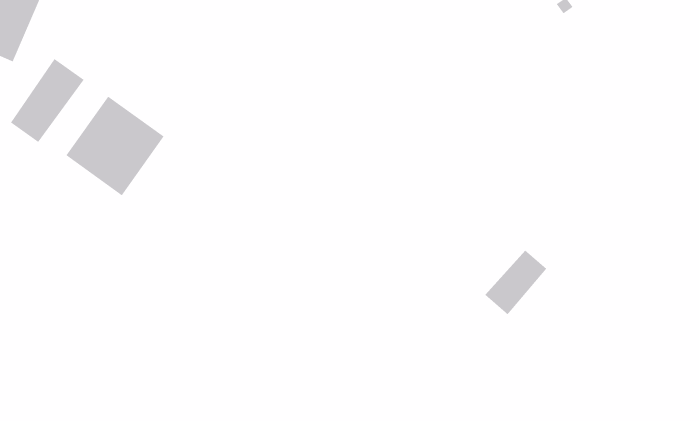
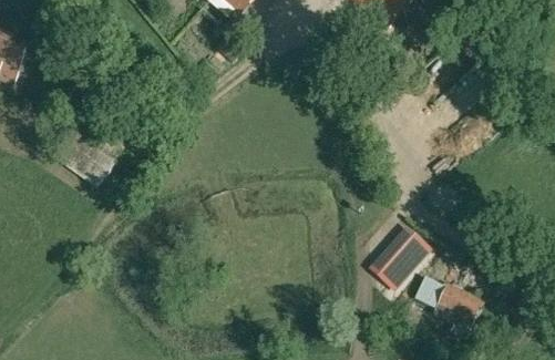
building: [10,58,85,143] -> none
building: none -> [408,271,481,341]

